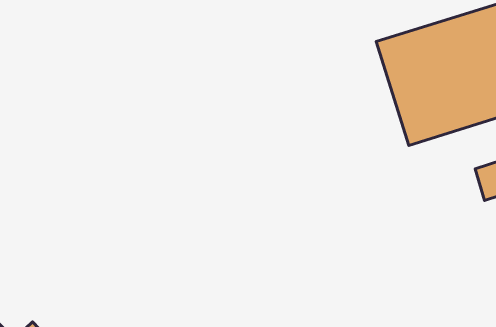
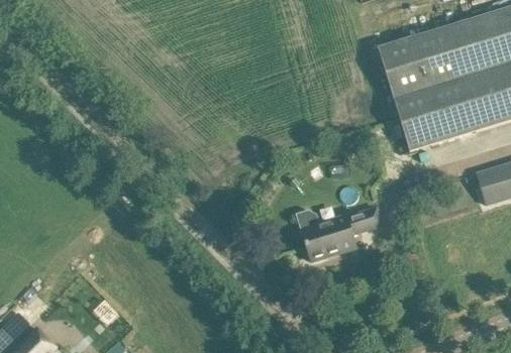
building: none -> [296,207,383,261]

